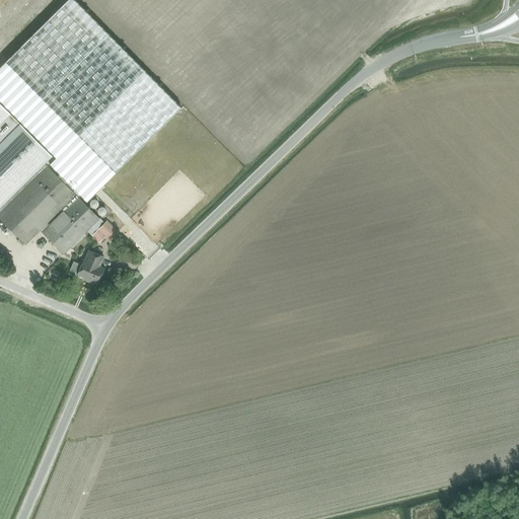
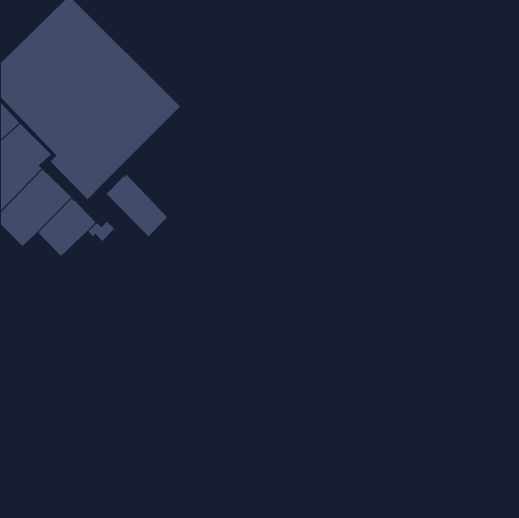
building: none -> [106,174,168,237]
building: [75,251,105,284] -> none

